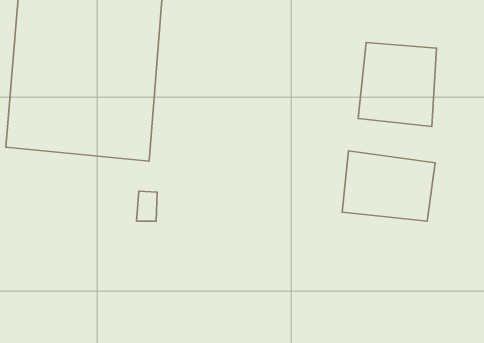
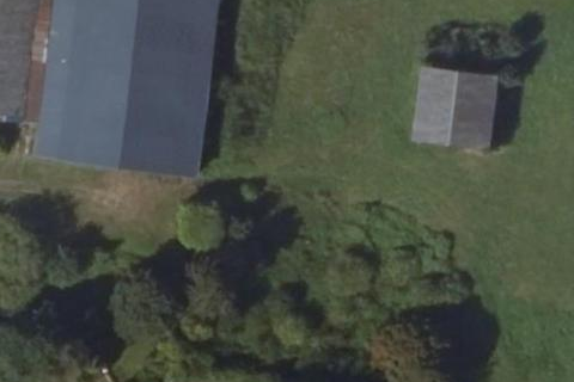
building: [342,151,435,221] -> none

